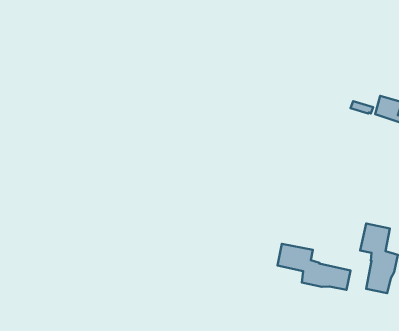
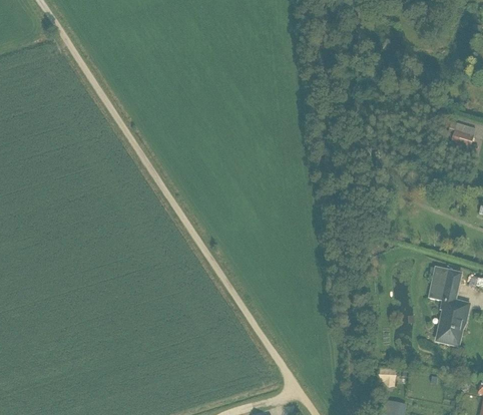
building: [278,244,351,290] -> none

